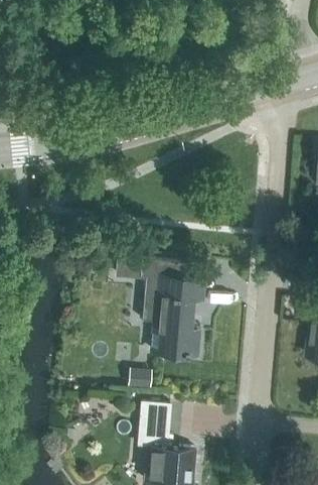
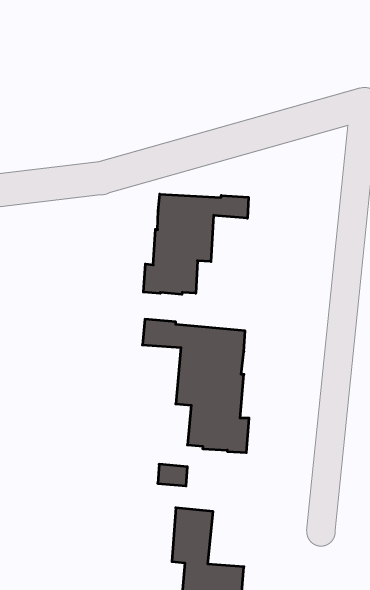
building: none -> [143,194,248,294]

